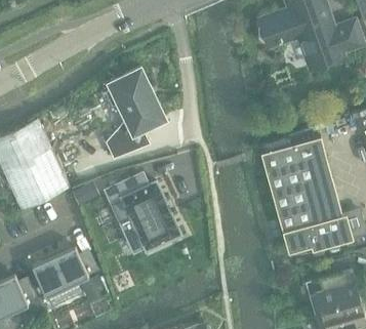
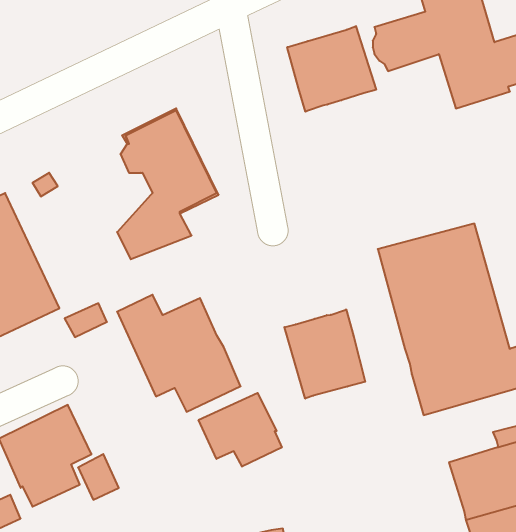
building: none -> [287,26,376,112]
building: none -> [284,309,365,399]
building: none -> [199,393,282,467]

